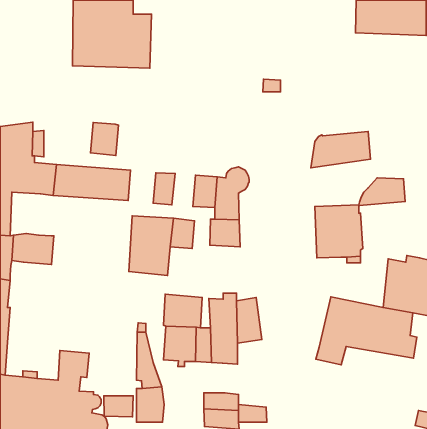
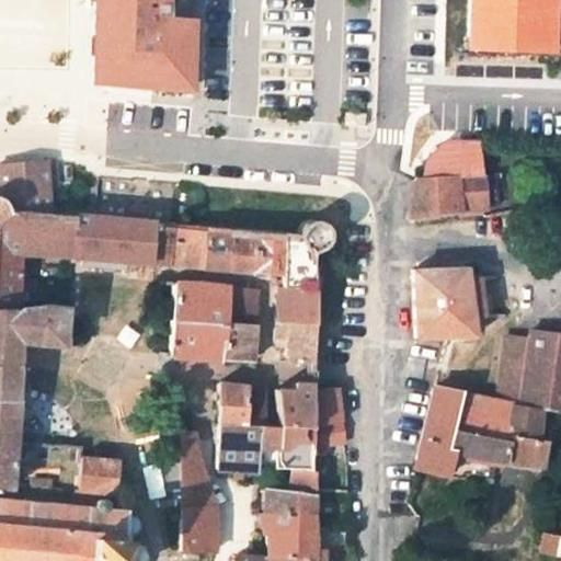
building: [91,122,118,155] -> [171,224,207,266]
building: none -> [228,228,259,271]
building: [359,178,405,206] -> [423,142,483,179]
building: none -> [276,321,317,367]
building: none -> [222,323,254,363]
building: none -> [268,474,314,515]
building: [104,396,133,417] -> none

